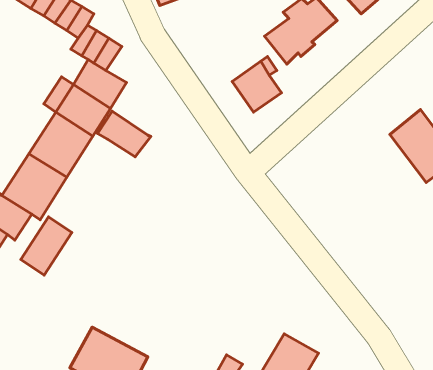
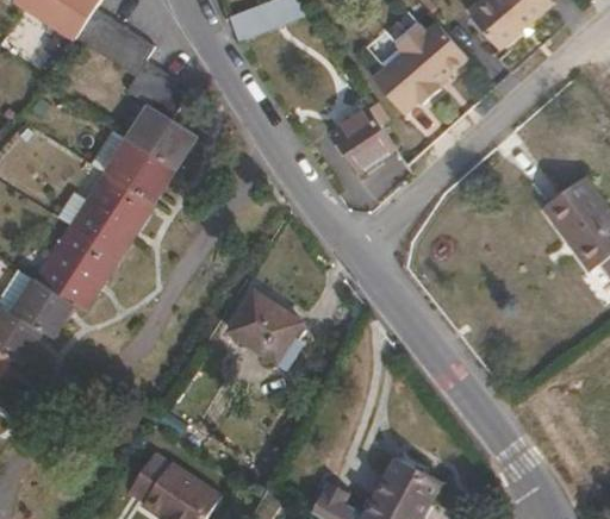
building: [98,111,151,157] -> none
building: none -> [225,292,300,369]
building: [21,217,72,275] -> none

